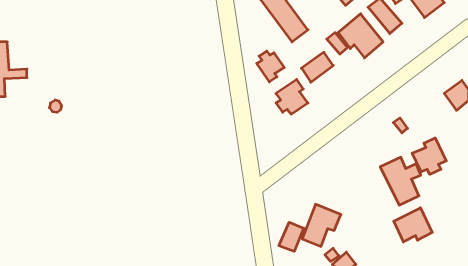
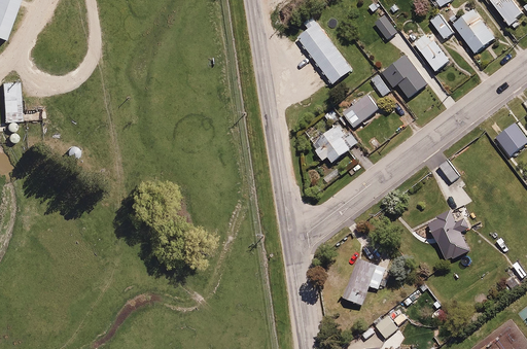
building: [257,51,284,82] -> none
building: [412,138,446,174] -> none
building: [394,208,432,242] -> none
building: [279,222,304,251] -> none

